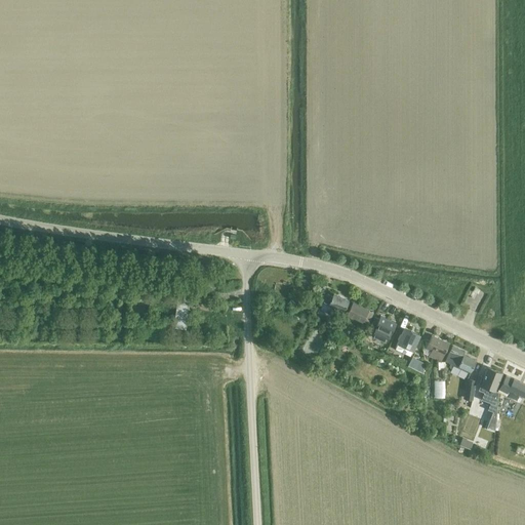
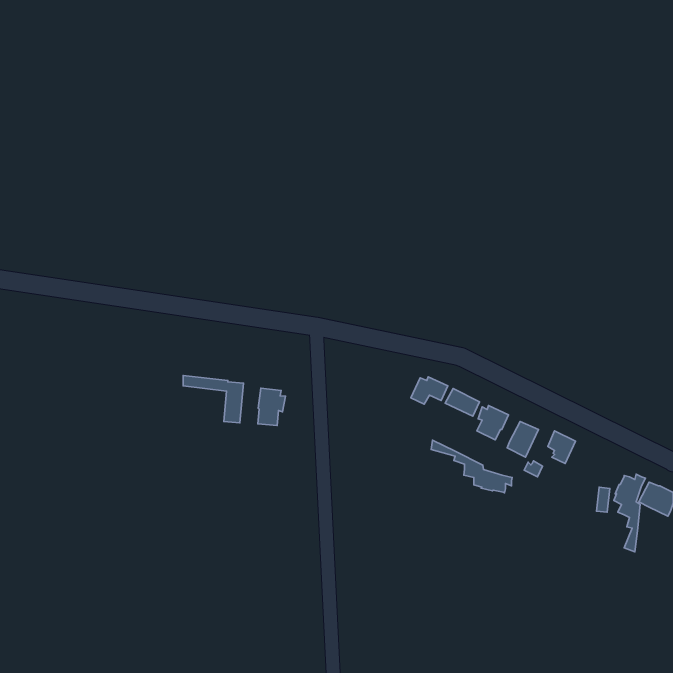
building: none -> [258,388,286,426]
building: none -> [431,440,512,493]
building: [445,346,477,377] -> none

